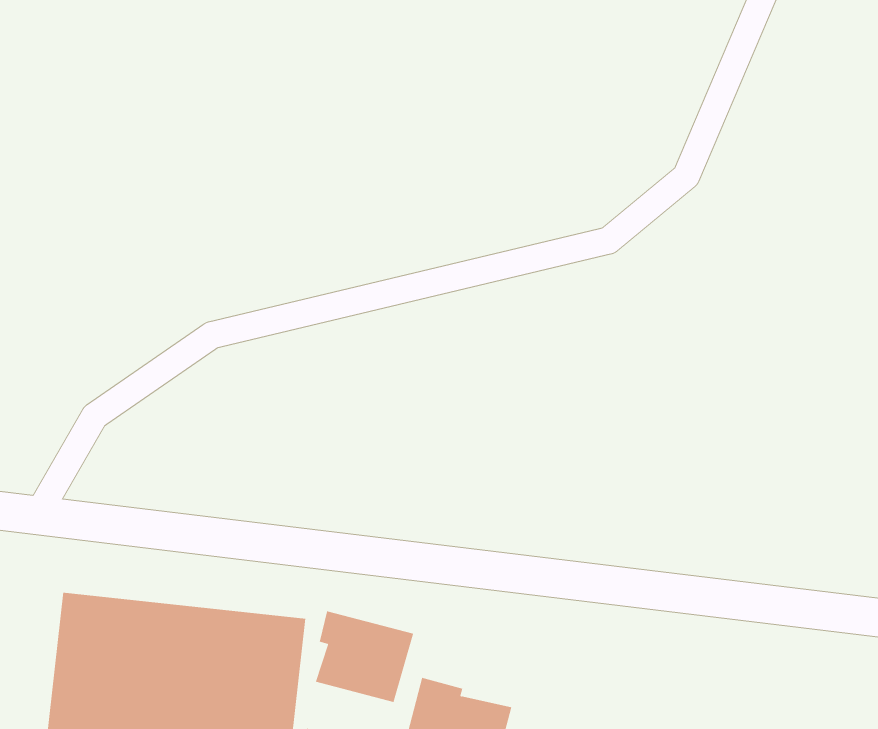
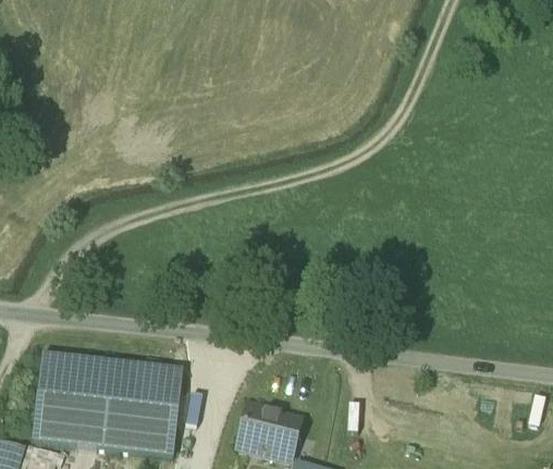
building: [315,611,414,703] -> none

